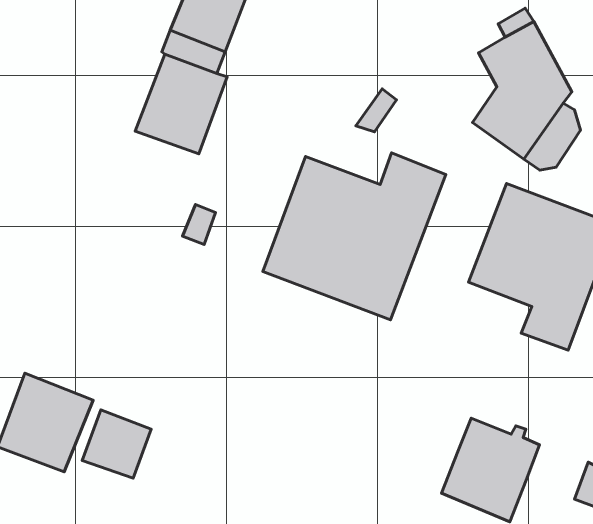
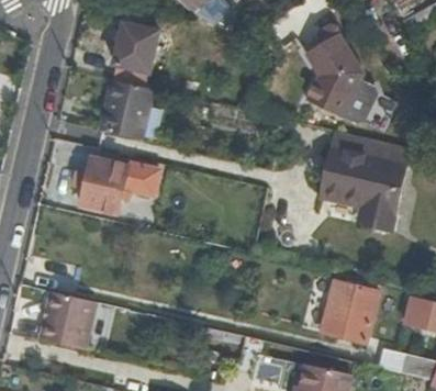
building: [263,153,446,320] -> none
building: none -> [79,158,128,215]
building: [82,410,151,478] -> none

